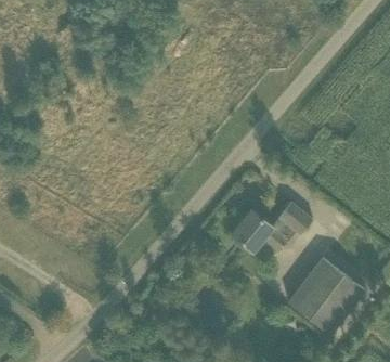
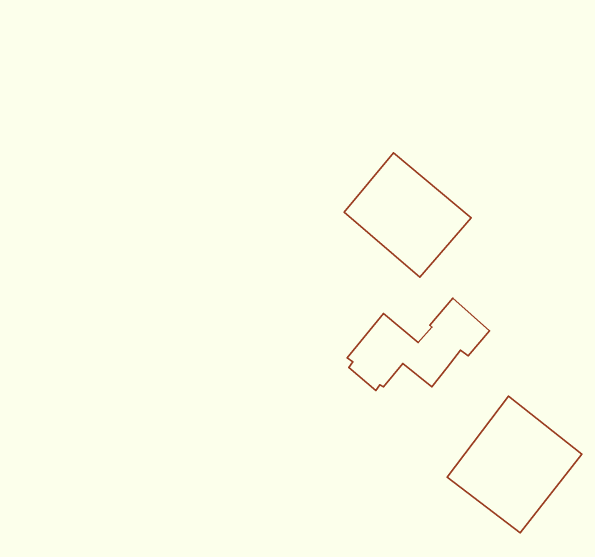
building: none -> [344,153,471,277]

